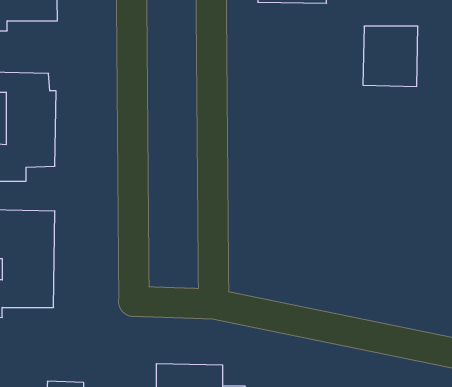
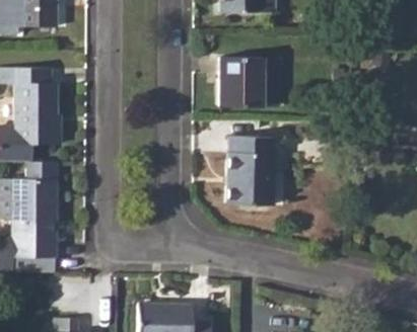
building: [363,26,418,86] -> [219,58,264,106]
building: none -> [227,138,275,205]

